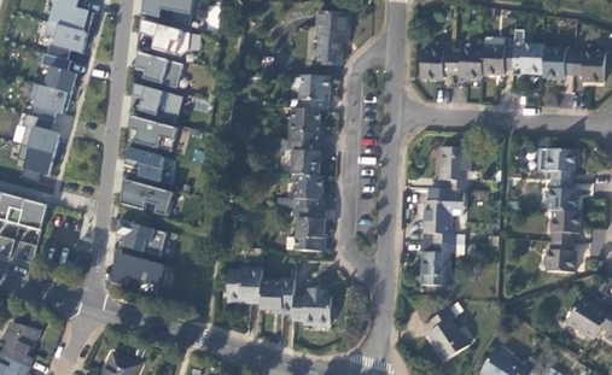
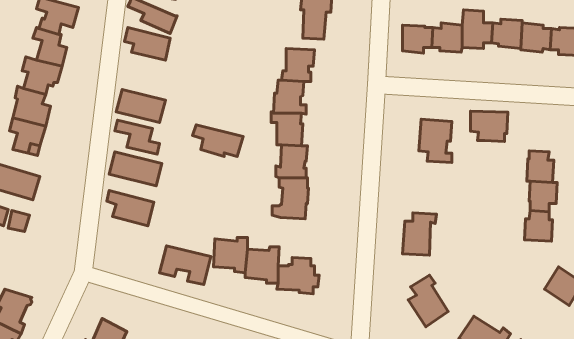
building: [132,83,183,116] -> [193,125,243,156]
building: [537,148,576,180] -> [470,111,508,142]
building: [424,199,456,244] -> none
building: [110,252,163,292] -> [159,246,211,285]

